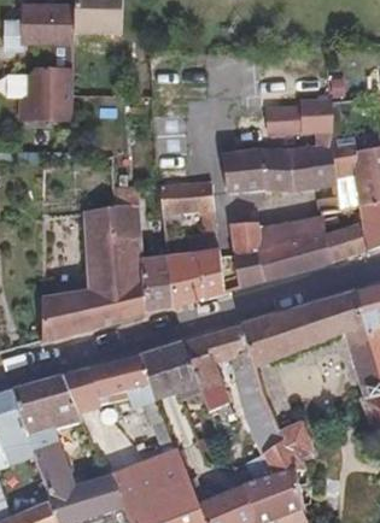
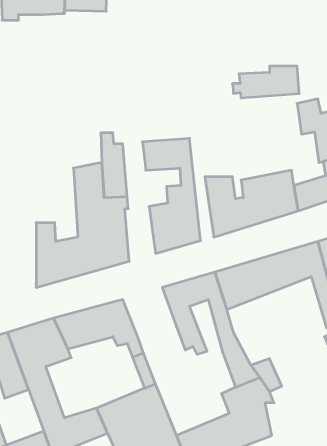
building: [24,42,72,121] -> none
building: [222,141,337,193] -> none
building: [141,254,175,315] -> none
building: [139,343,198,399] -> none

